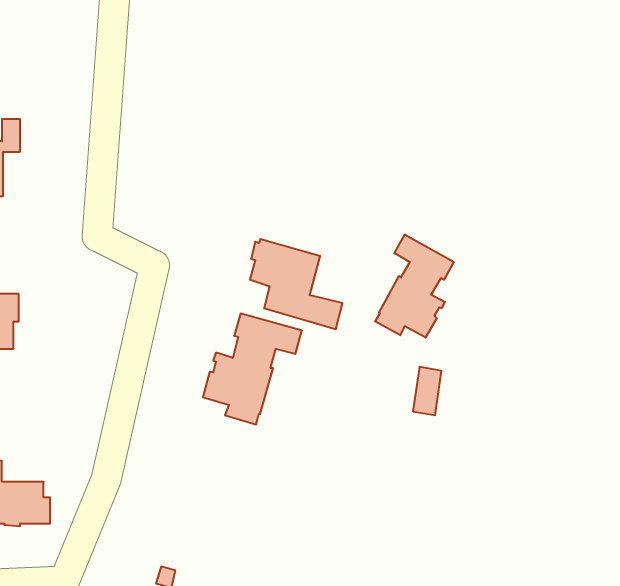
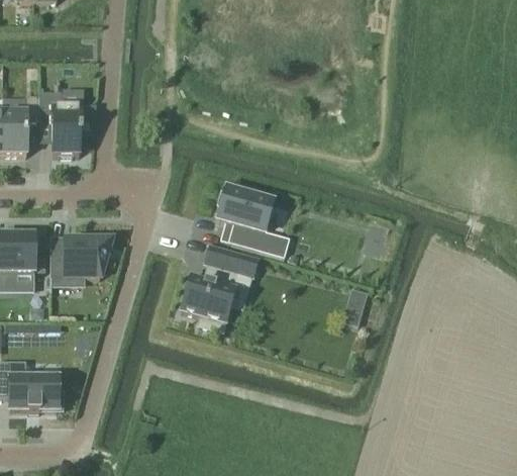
building: none -> [39,91,81,156]
building: [375,234,454,338] -> none
building: none -> [49,235,111,292]

